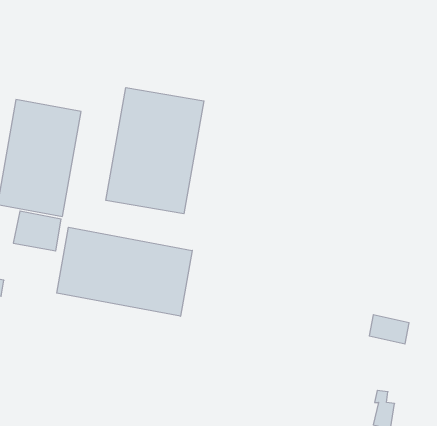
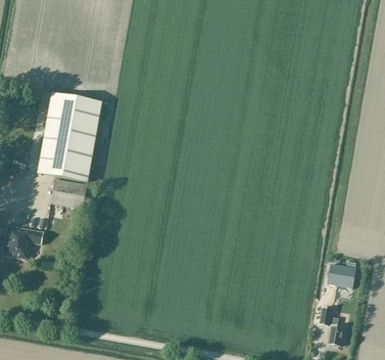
building: [106,88,204,214] -> none
building: [57,227,192,316] -> none

